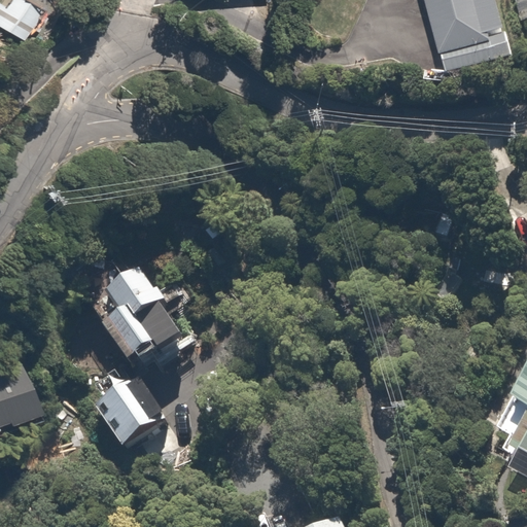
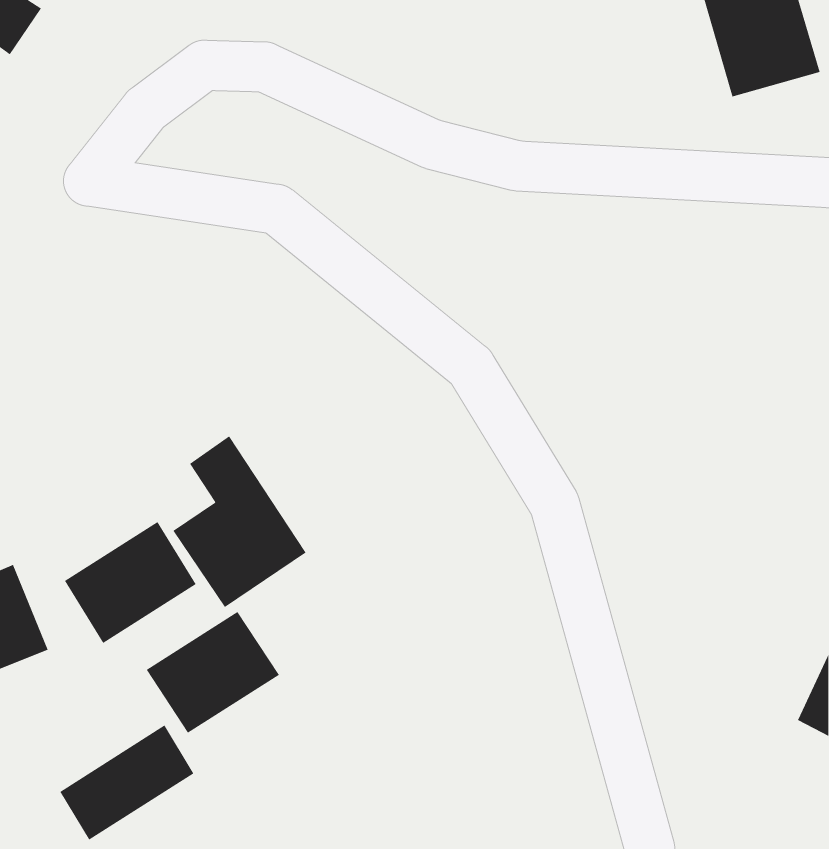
building: none -> [64,521,197,644]
building: none -> [59,725,194,841]

